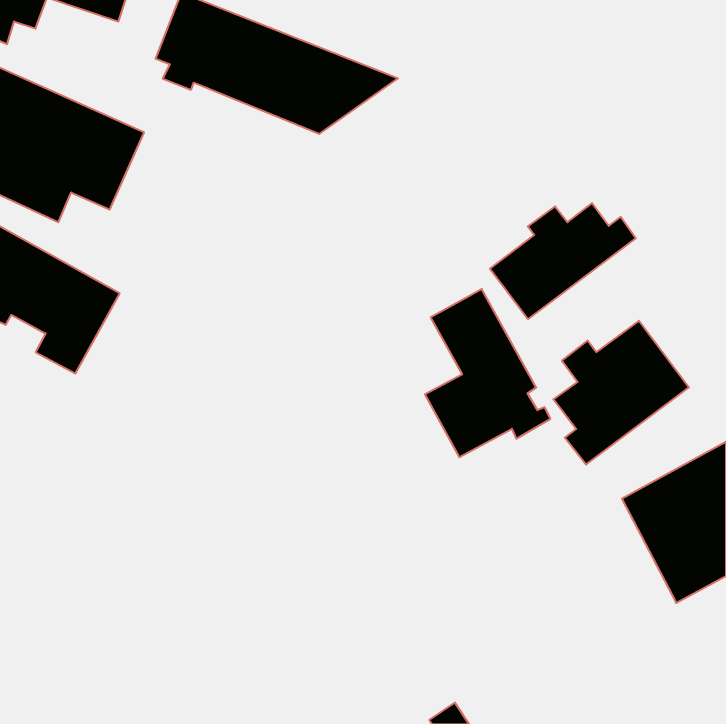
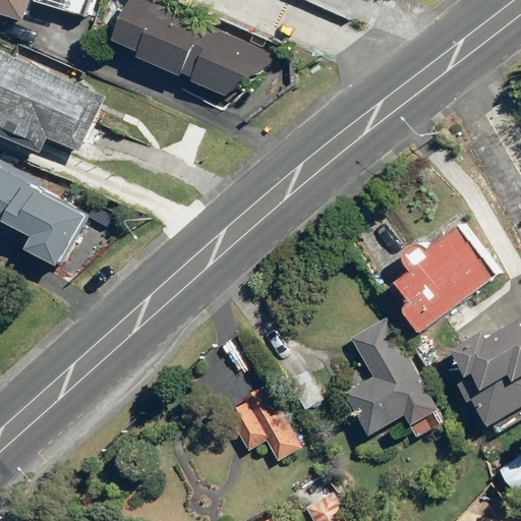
building: [490,203,636,319] -> none
building: [425,289,550,457] -> [345,316,435,437]
building: none -> [228,384,280,448]

